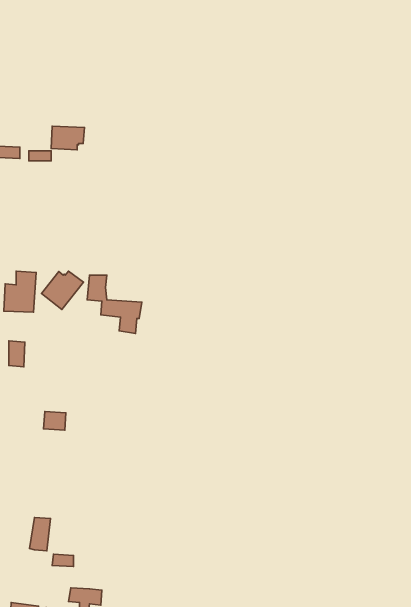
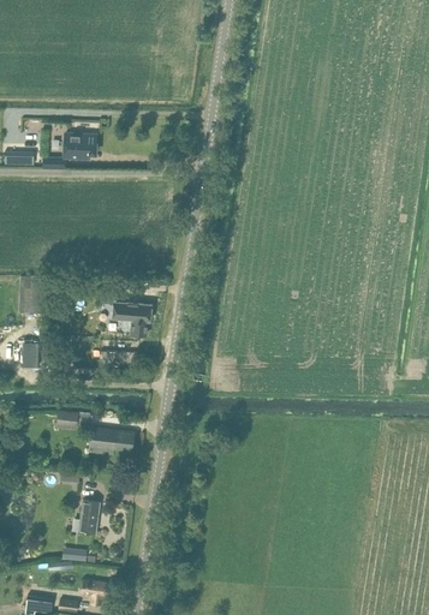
building: [41,271,84,309] -> none
building: none -> [89,428,133,454]
building: [30,517,51,551] -> [78,501,99,533]

